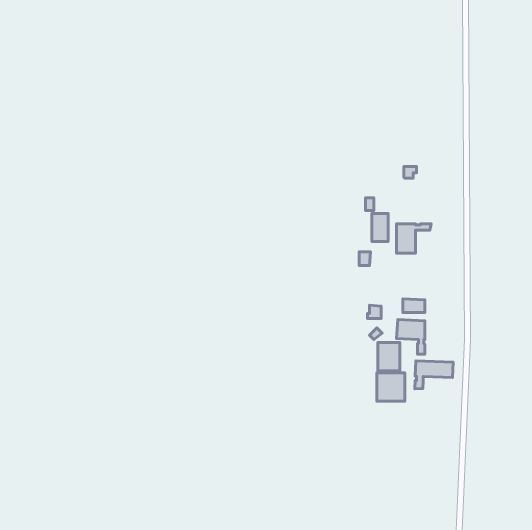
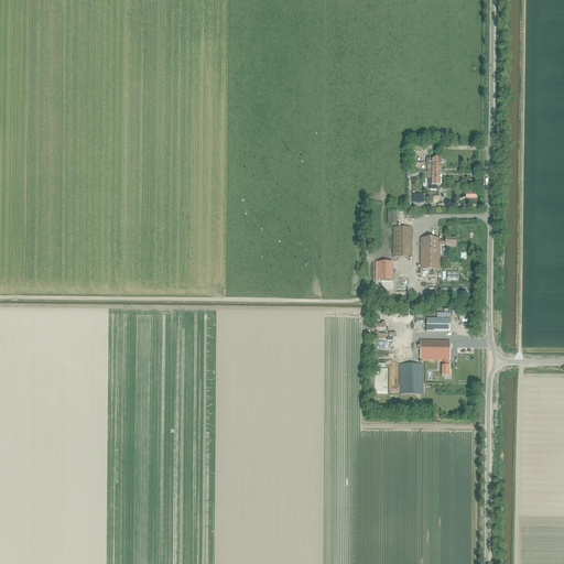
building: [415,361,453,389] -> none
building: [377,373,405,401] -> none

